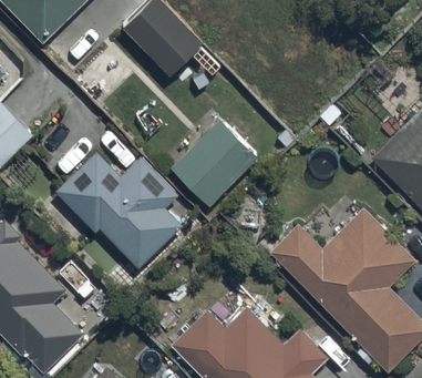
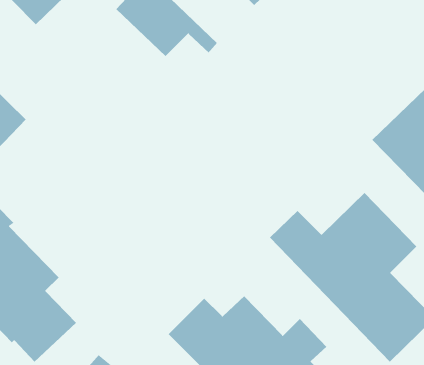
building: [171,120,258,206] -> none
building: [54,151,182,267] -> none

